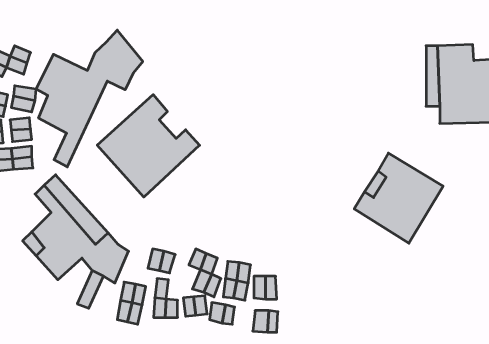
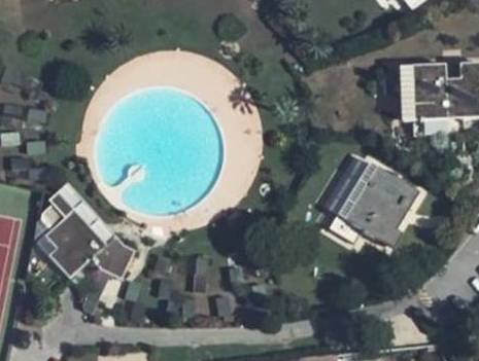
building: [36,30,143,167] -> none
building: [97,95,200,197] -> none

